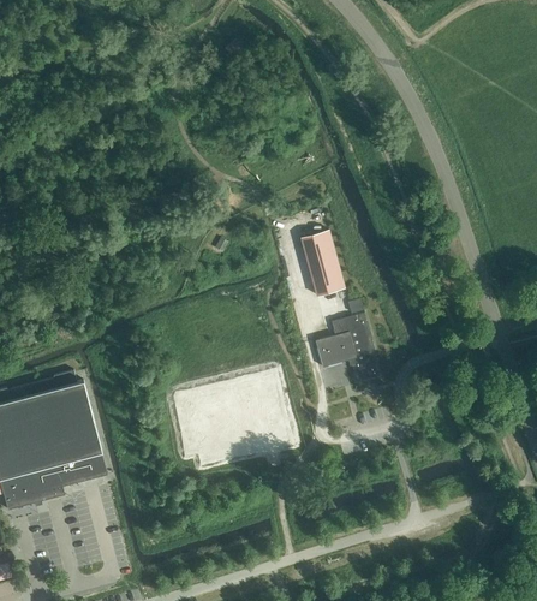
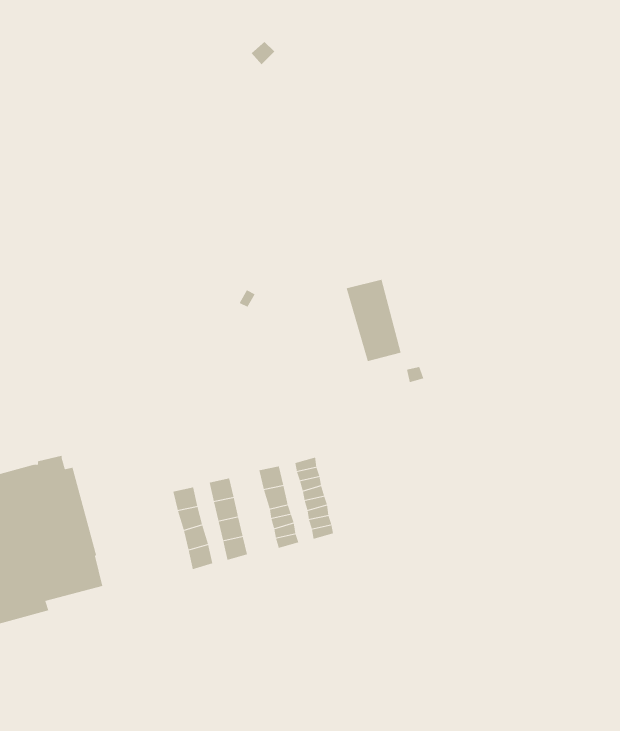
building: [314,313,375,385] -> none

